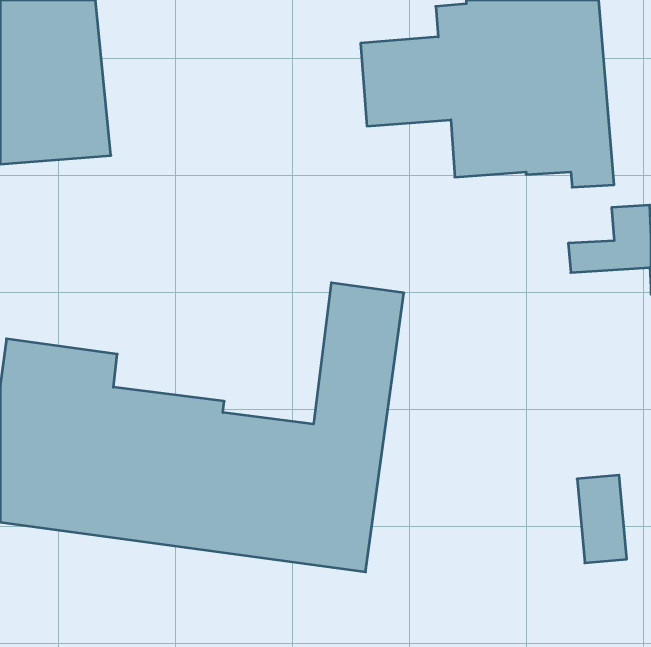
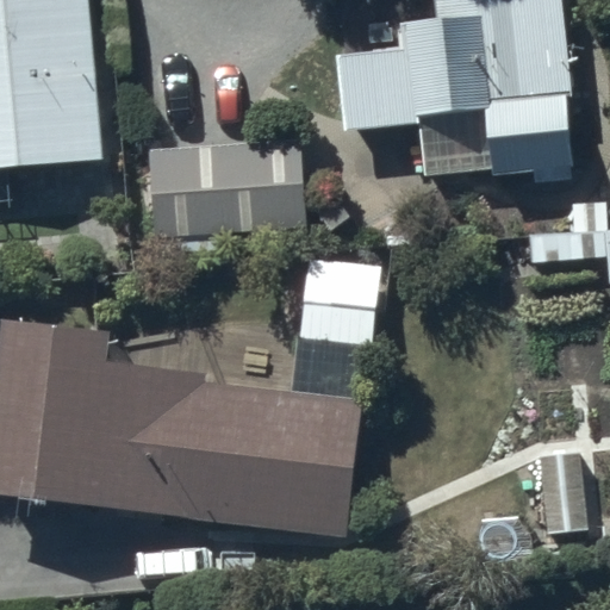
building: none -> [150,136,306,250]

